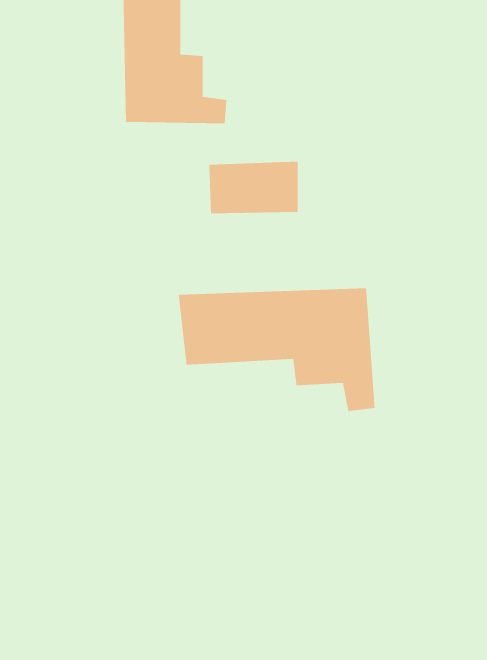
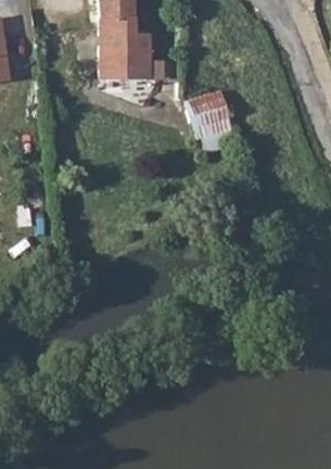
building: [178,288,375,412] -> none

